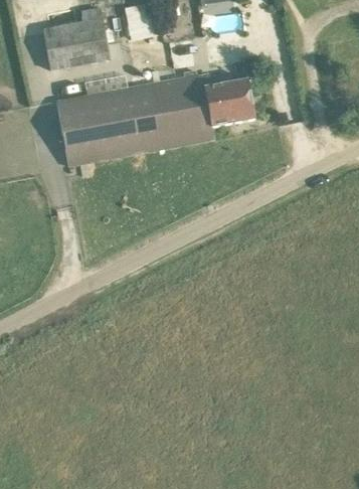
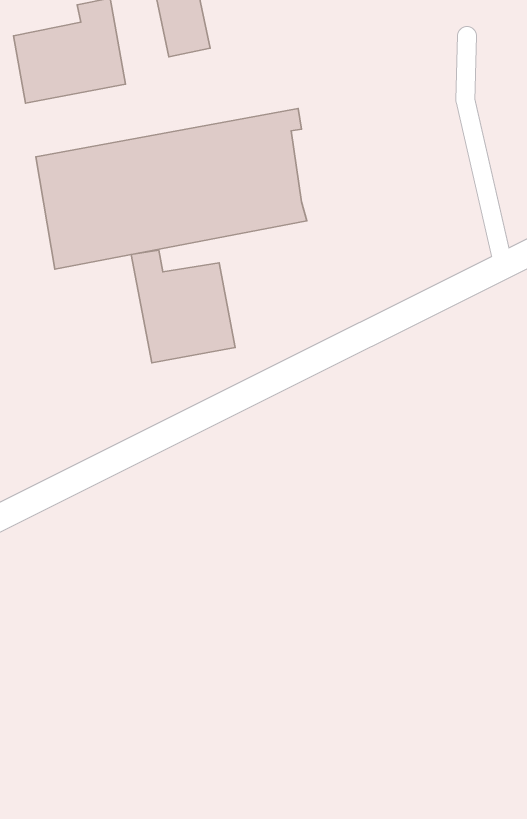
building: [205,78,253,127] -> none
building: none -> [131,250,235,363]

